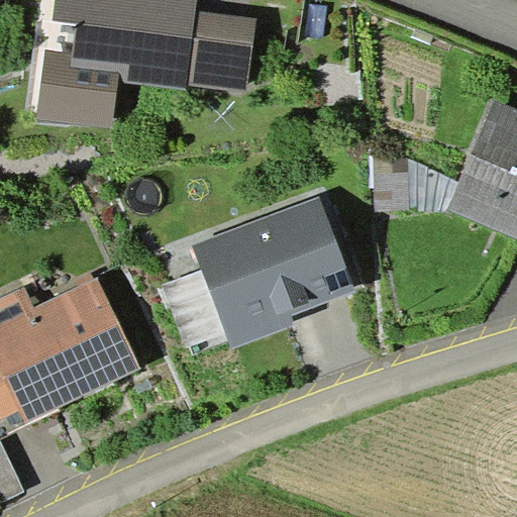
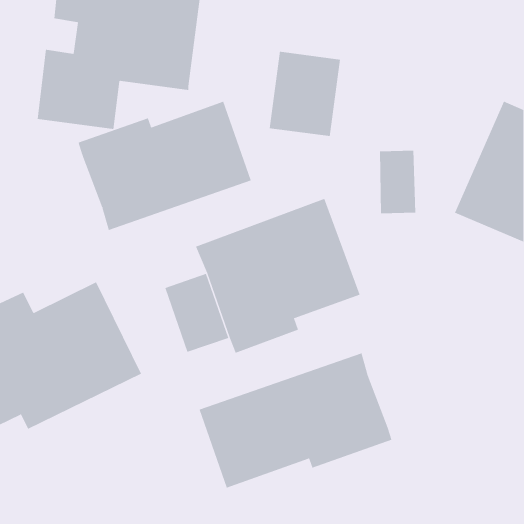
building: [186,9,256,93] -> [269,51,341,137]
building: none -> [78,101,251,231]
building: none -> [199,352,392,489]

